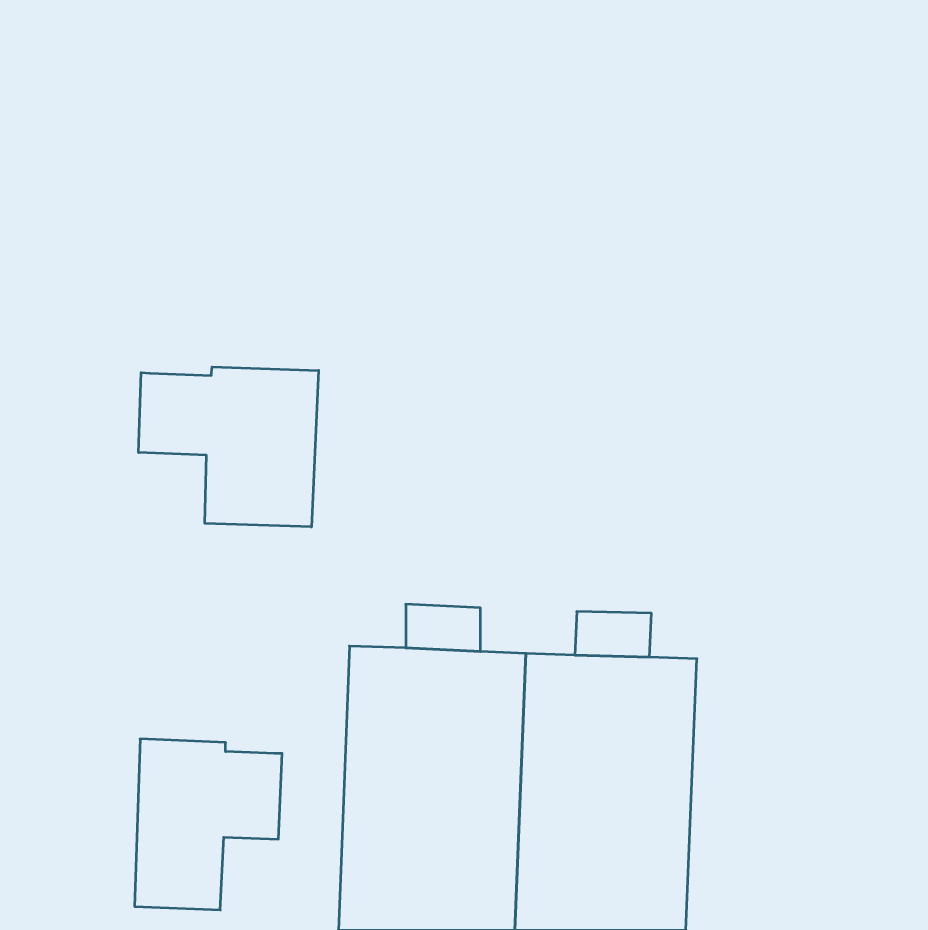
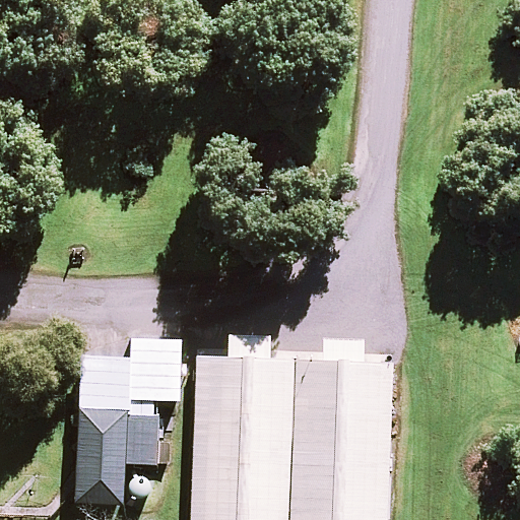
building: [139,367,319,527] -> none
building: none -> [79,341,182,420]

